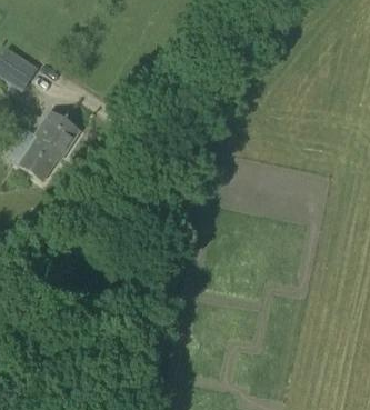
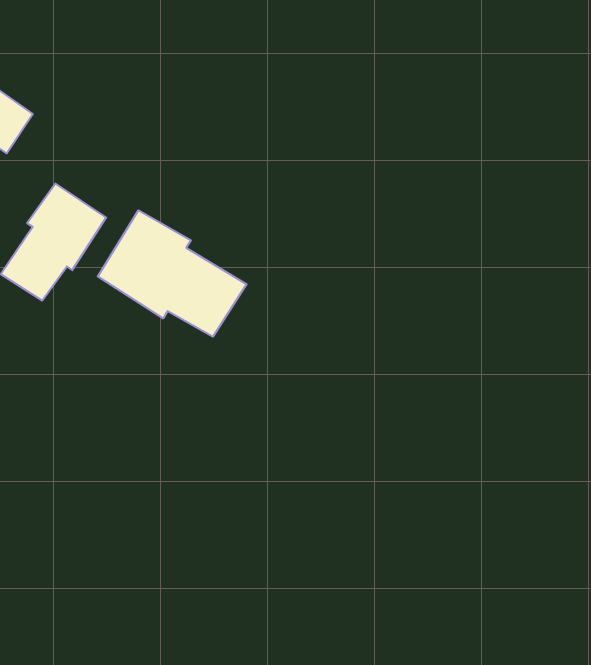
building: none -> [98,210,247,337]

